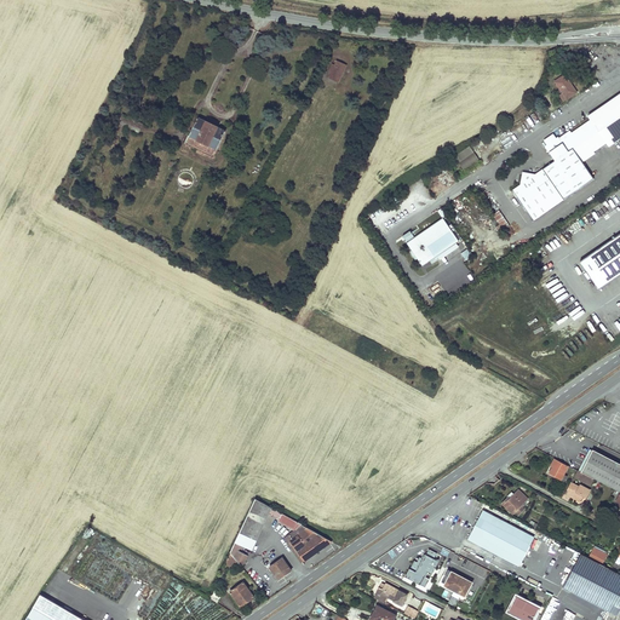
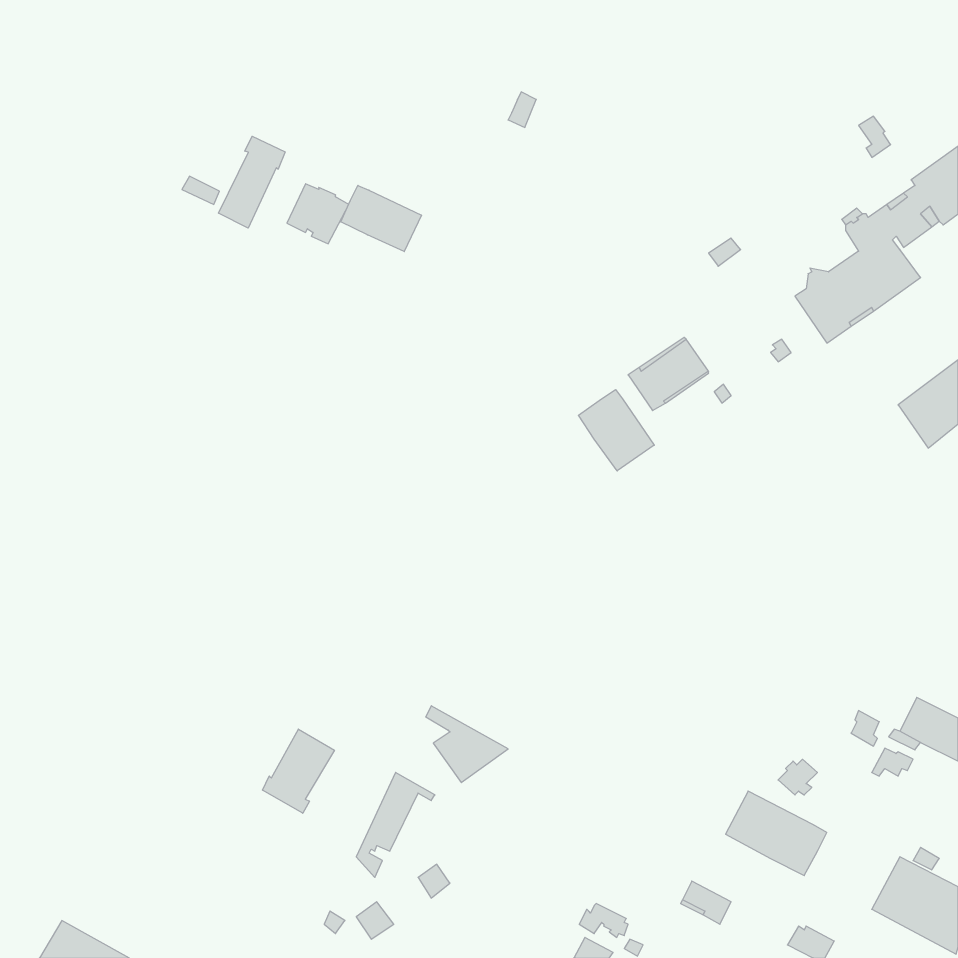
building: none -> [219,136,285,228]
building: none -> [341,185,421,252]
building: none -> [578,390,654,471]
building: none -> [263,729,334,813]
building: [279,513,332,563] -> [426,706,508,783]

